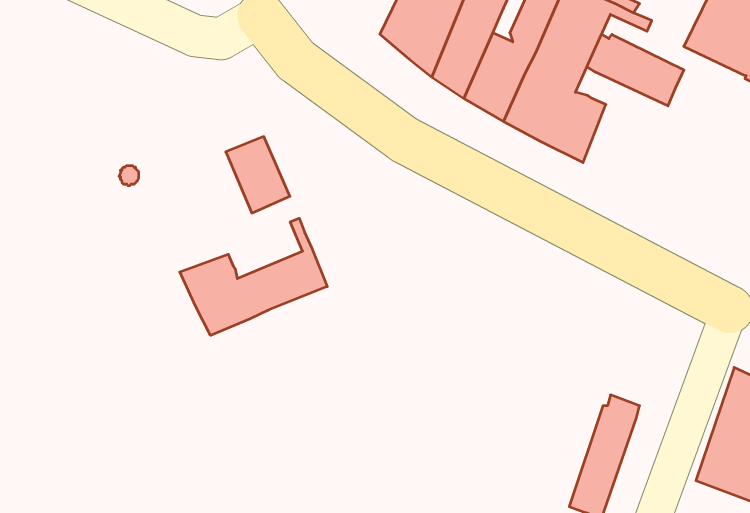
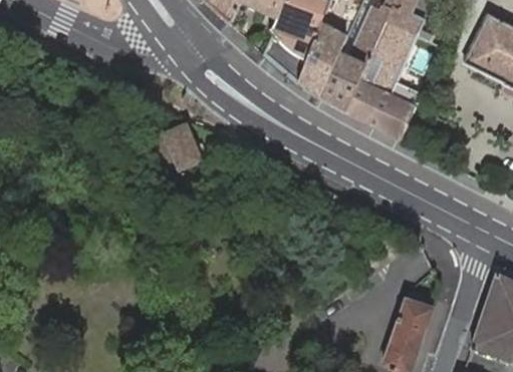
building: [587,34,684,106] -> none
building: [180,218,327,335] -> none

